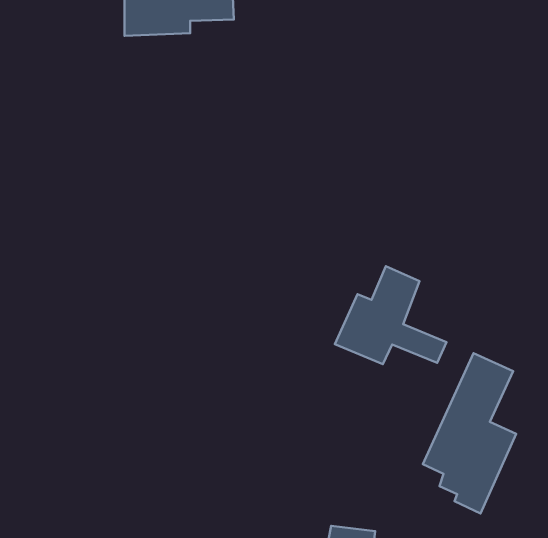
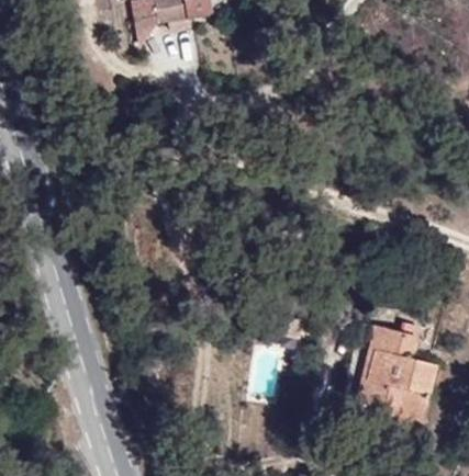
building: [335,266,447,364] -> none

